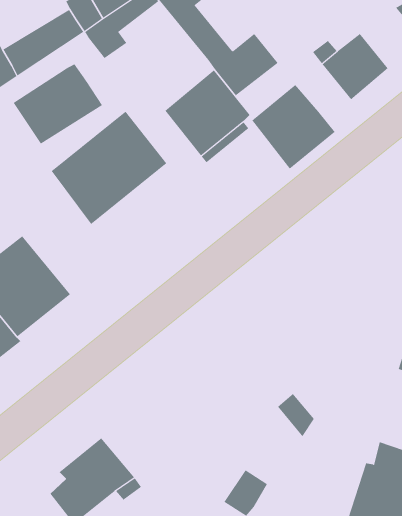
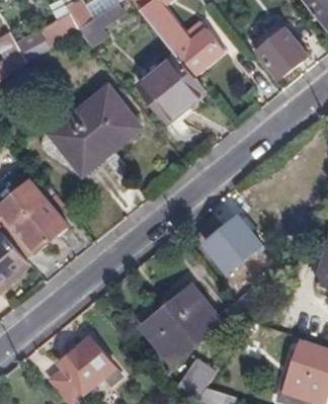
building: [13,63,103,145] -> none
building: [252,84,335,169] -> none
building: none -> [206,216,260,268]
building: none -> [142,284,222,362]

